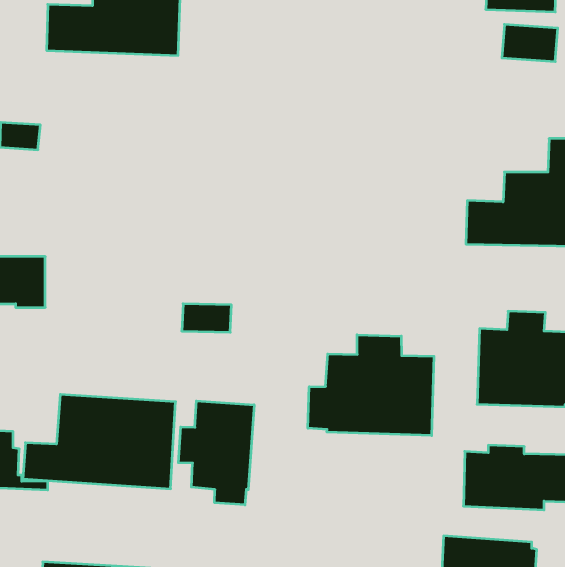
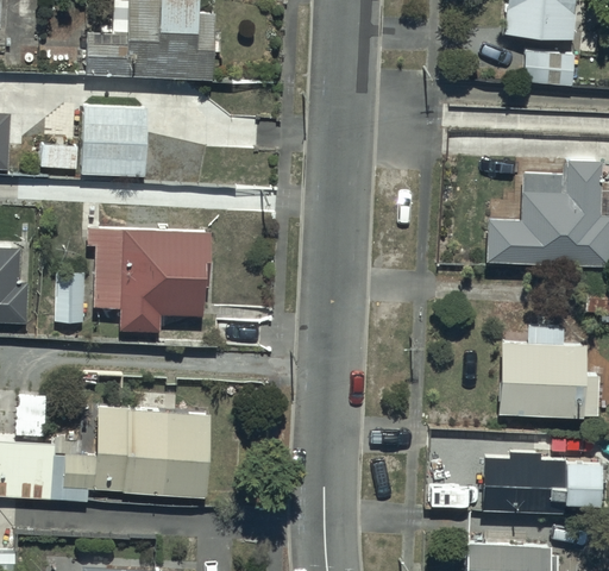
building: none -> [82,106,147,177]
building: none -> [86,232,208,332]
building: [308,335,434,436] -> none
building: [178,401,254,505] -> none

